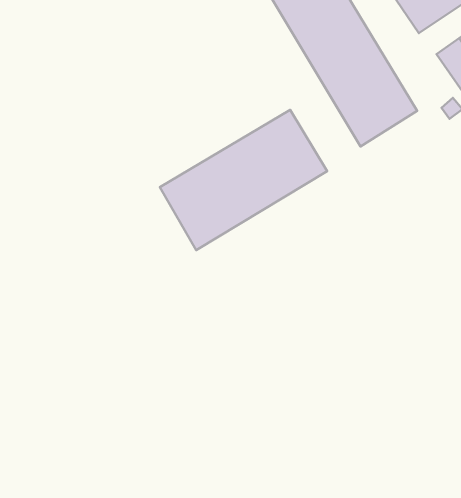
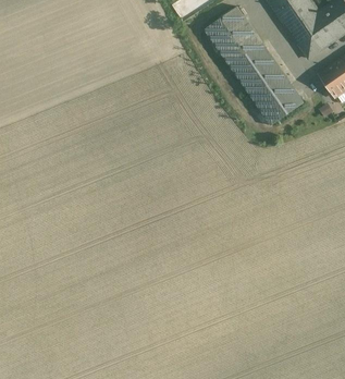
building: [160,110,327,250] -> none

